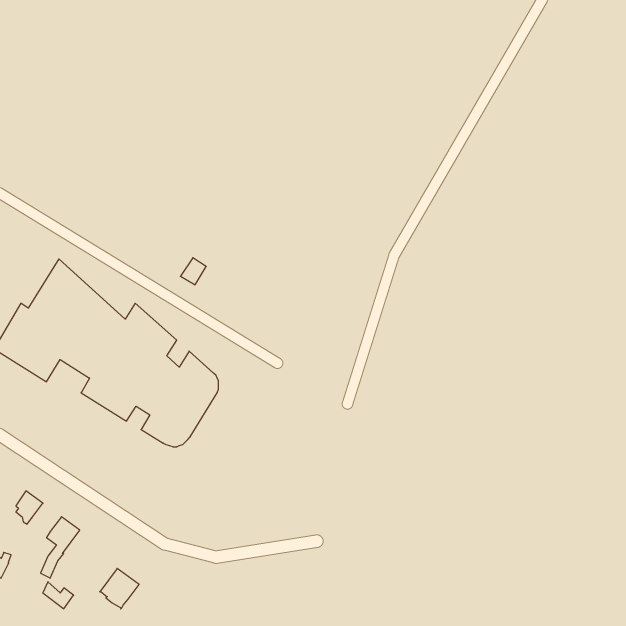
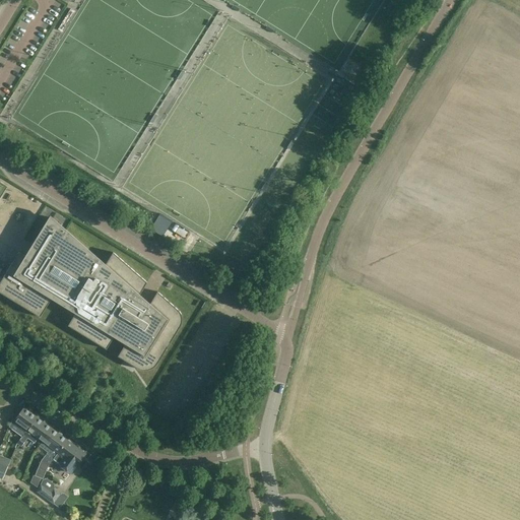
building: none -> [16,416,51,446]
building: [100,568,139,609] -> [52,439,84,472]

